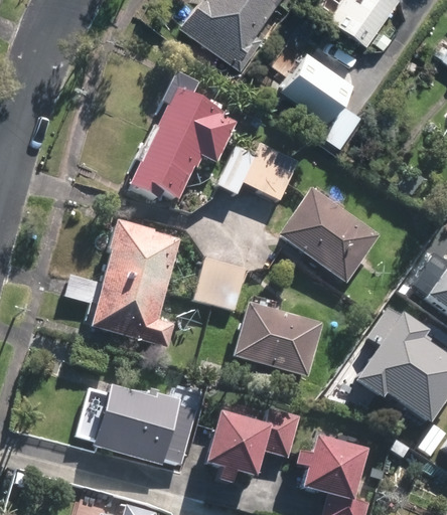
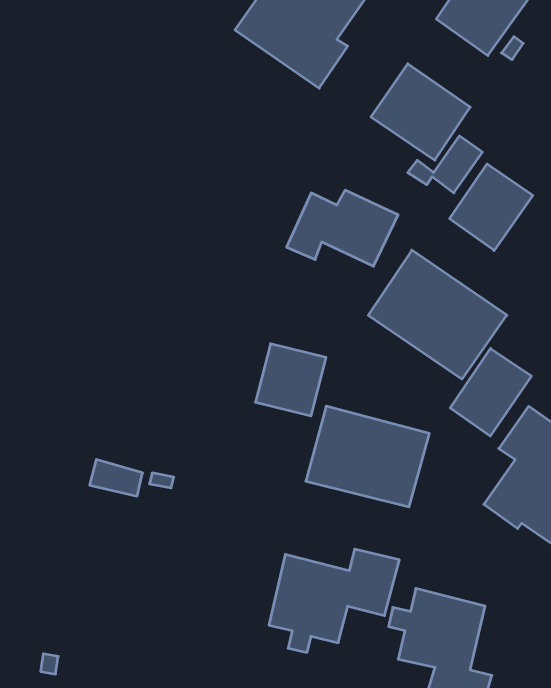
building: [128,73,237,201] -> none
building: none -> [450,164,533,251]
building: [83,221,179,349] -> none
building: none -> [450,348,531,436]
building: [93,386,194,460] -> none

